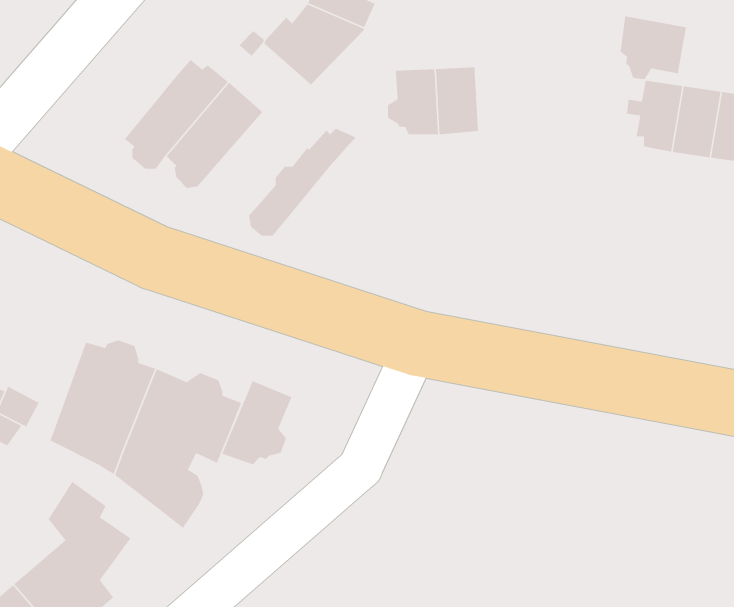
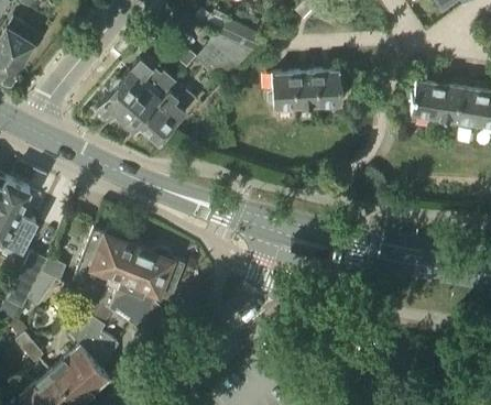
building: [620,15,687,80] -> none
building: none -> [318,69,348,109]
building: [248,128,357,237] -> [96,57,159,120]
building: [221,380,293,465] -> none

